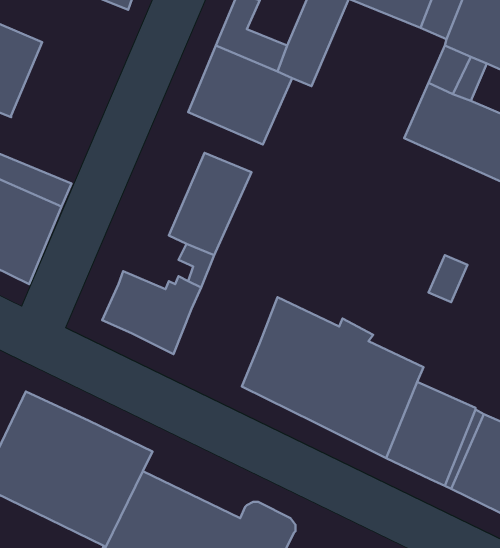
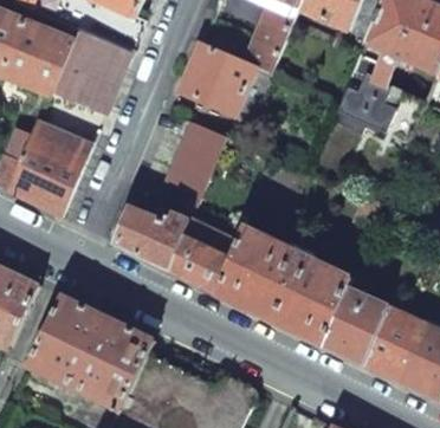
building: none -> [48,30,131,116]
building: none -> [167,234,229,291]

